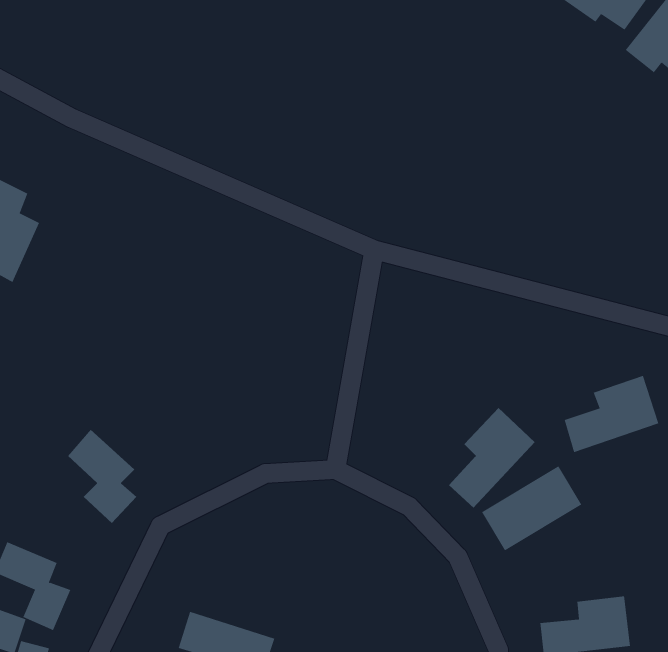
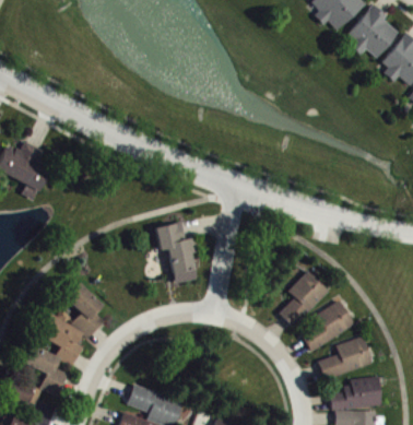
building: none -> [155,222,197,283]
building: [564,375,659,453] -> [318,335,371,379]
building: none -> [38,315,82,366]

